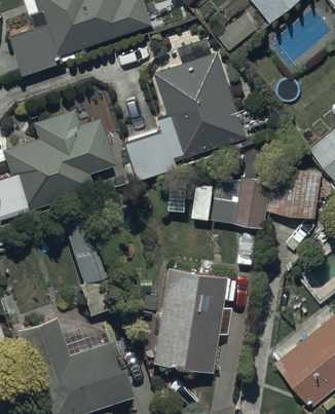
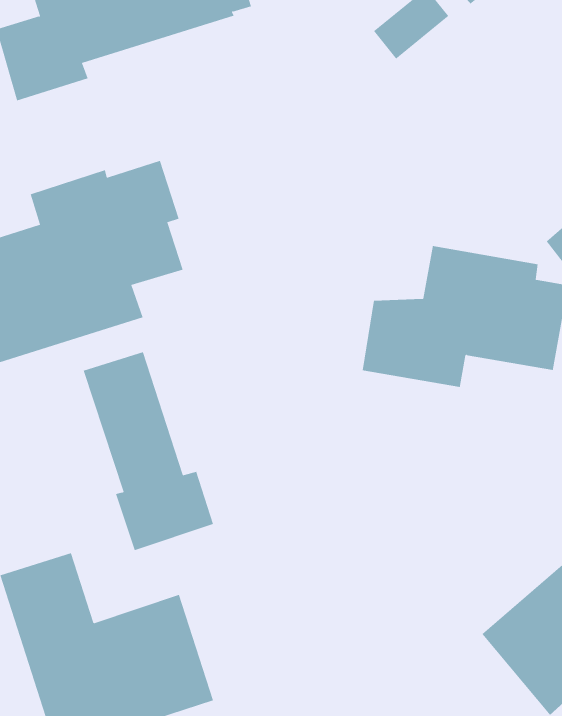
building: [126,49,248,179] -> none
building: [136,269,232,376] -> none

